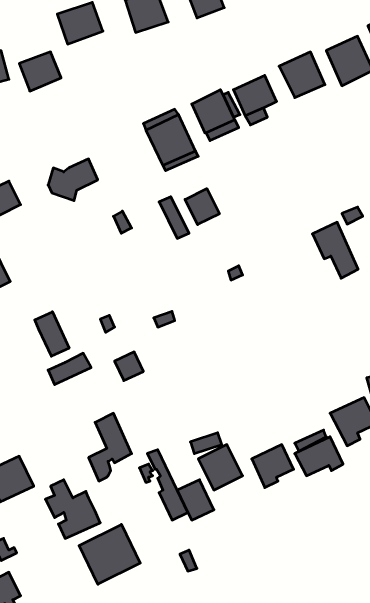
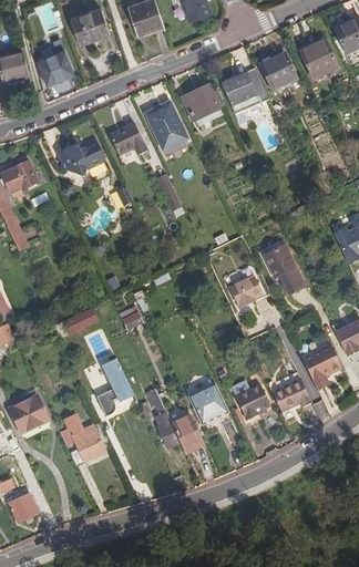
building: none -> [110,123,147,155]
building: [185,189,219,225] -> none
building: [312,222,358,278] -> [265,244,304,291]
building: [35,312,69,356] -> none
building: none -> [229,275,264,309]
building: [79,524,140,584] -> none

